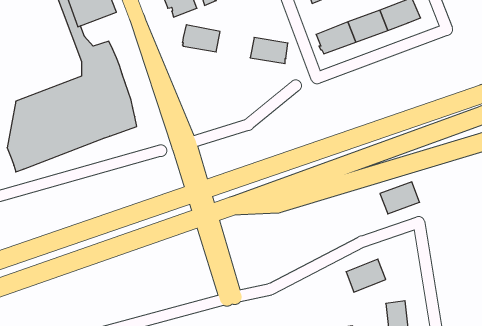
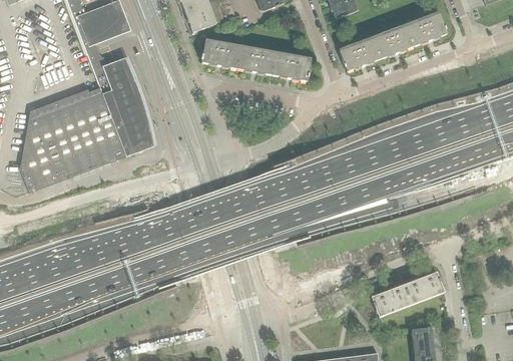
building: none -> [236,47,276,74]
building: [380,182,420,214] -> [404,271,445,304]

